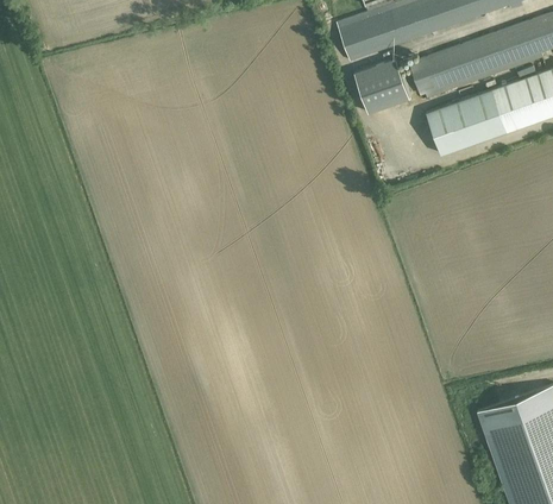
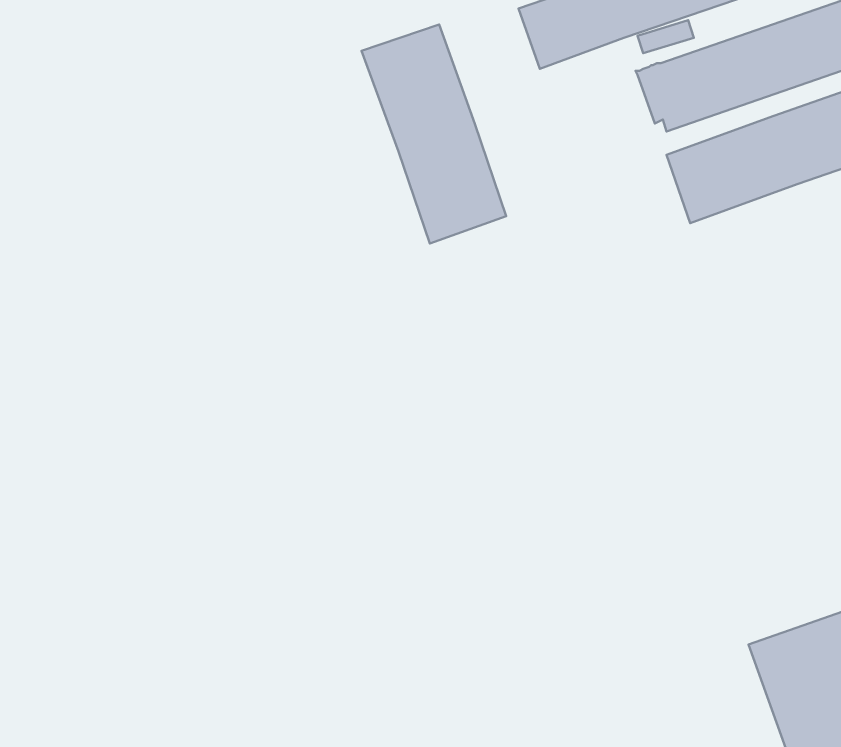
building: none -> [362,24,506,244]
building: [354,58,409,113] -> none

